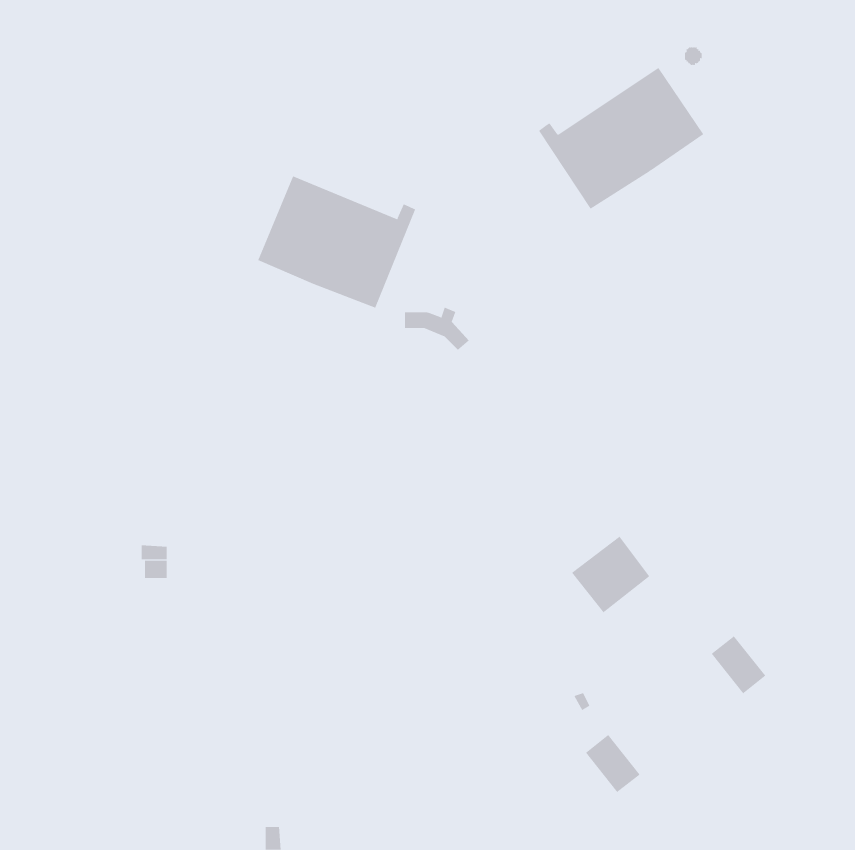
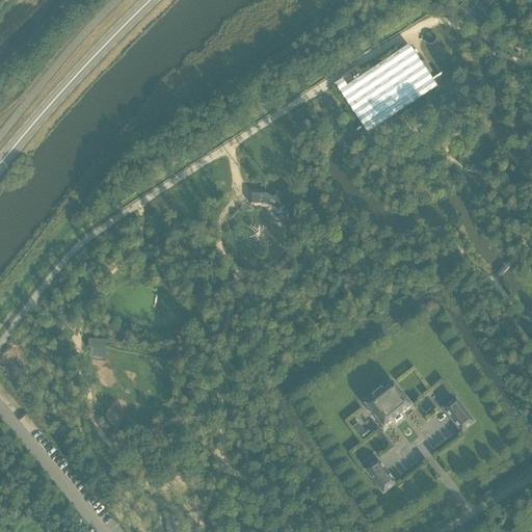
building: [258,176,416,309] -> none
building: [571,536,650,613] -> [363,378,411,426]

